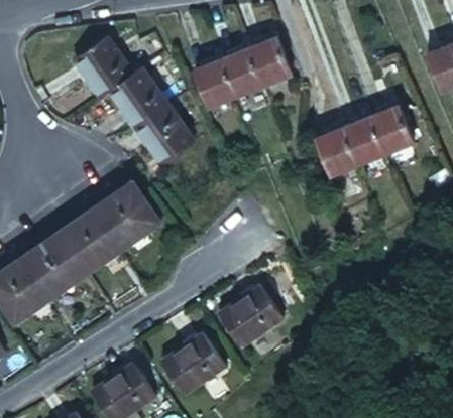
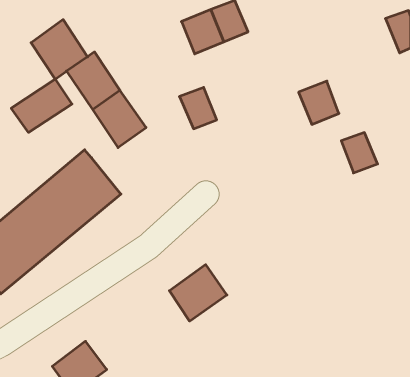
building: [199,51,236,93] -> [179,87,217,129]
building: [368,103,405,143] -> [341,133,378,173]
building: none -> [11,79,72,132]
building: [315,122,353,164] -> none
building: [160,342,217,399] -> none

